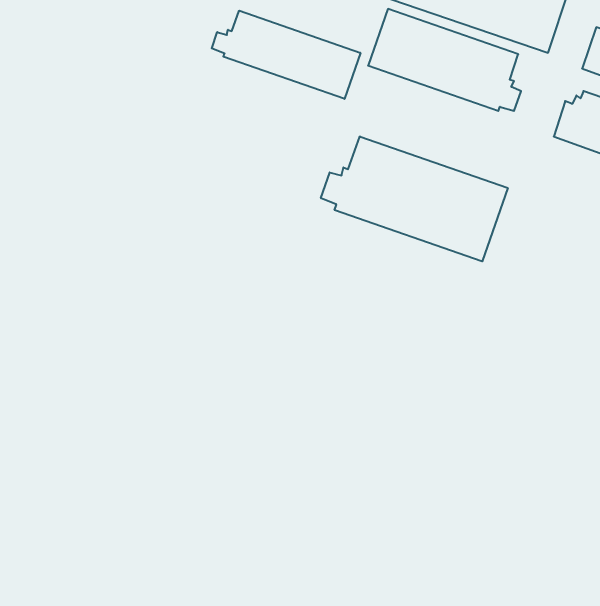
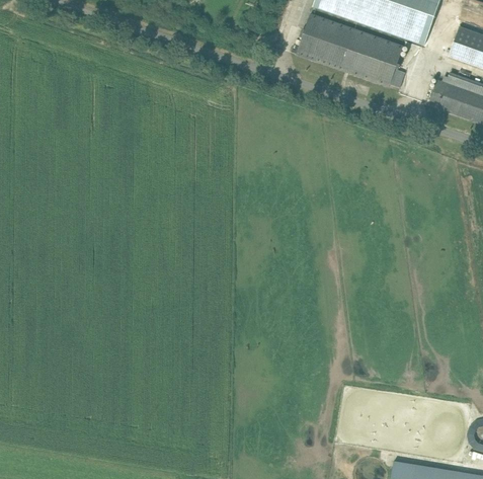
building: [212,11,360,99] -> none
building: [321,136,508,261] -> none

